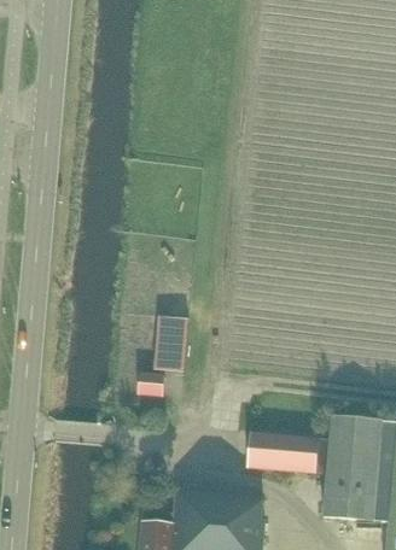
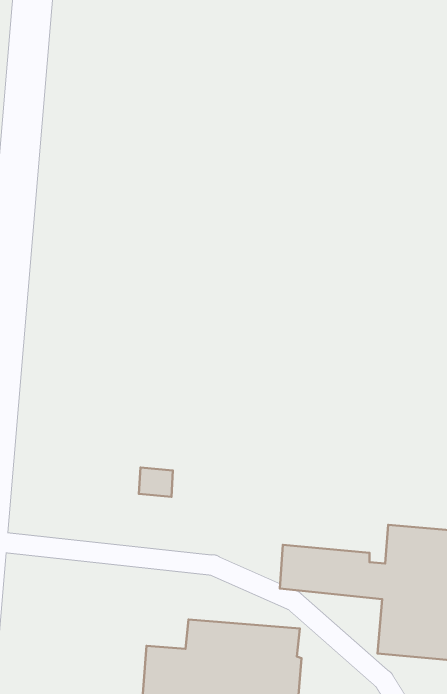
building: [155,316,187,370] -> none

